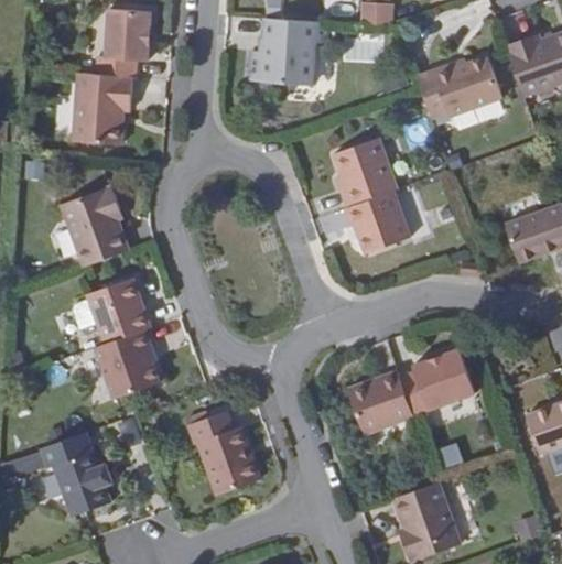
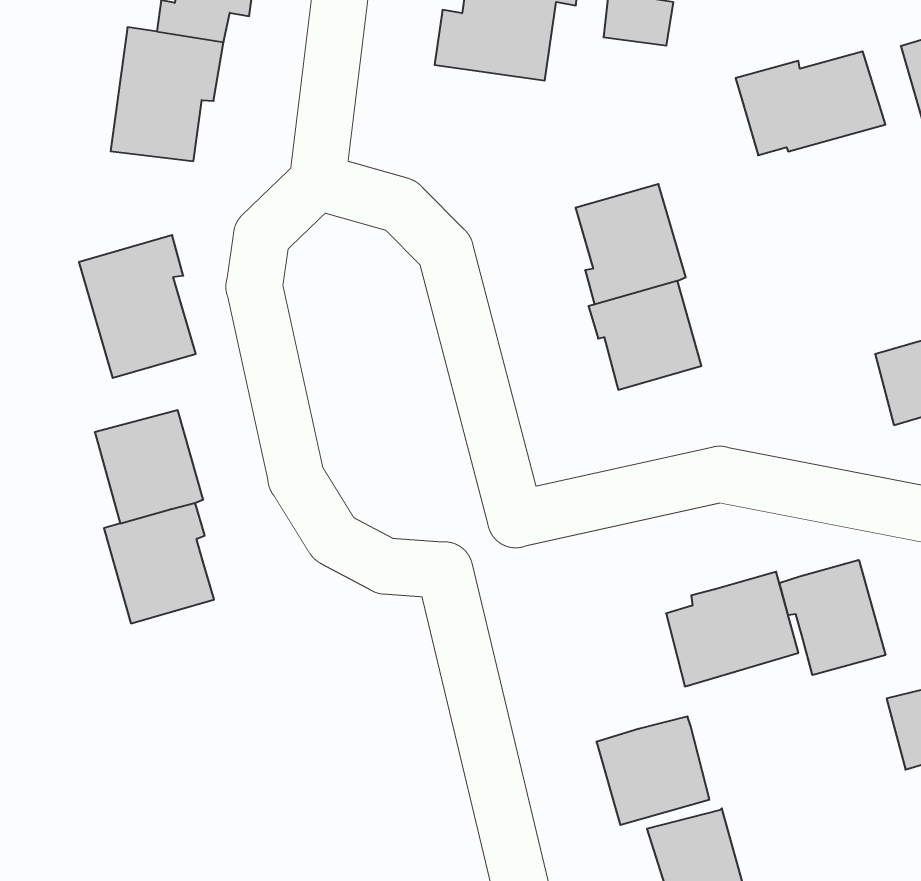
building: none -> [779,560,885,675]
building: [349,369,414,432] -> [596,716,709,825]
building: [184,410,258,494] -> none
building: [43,431,114,516] -> none

